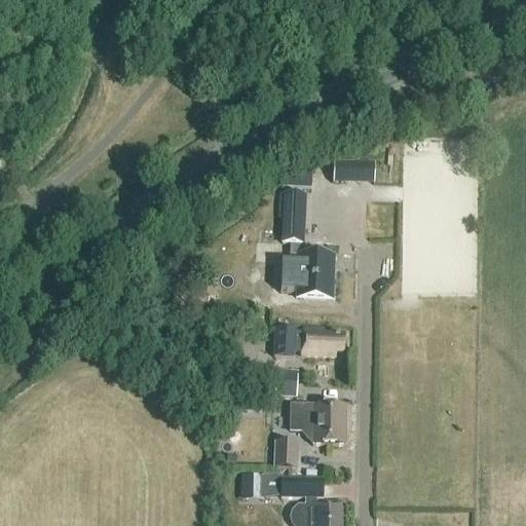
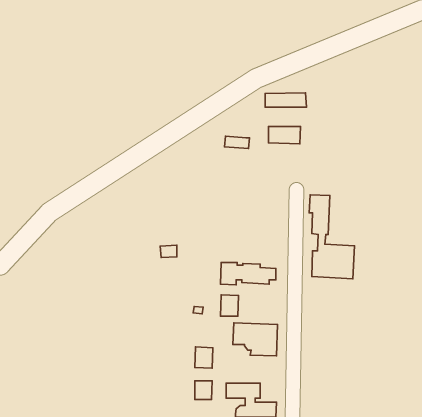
building: none -> [265,93,307,107]
building: [279,191,336,296] -> [309,195,355,279]
building: [274,439,297,465] -> [195,347,213,368]

